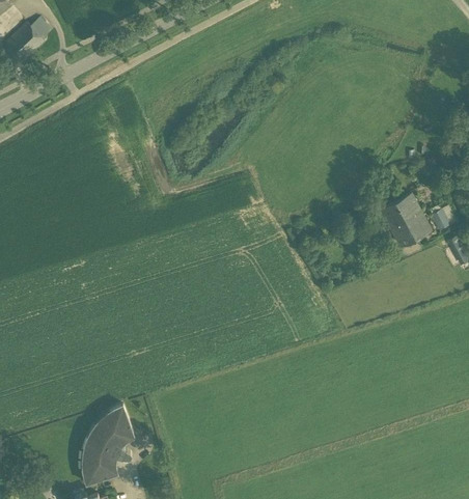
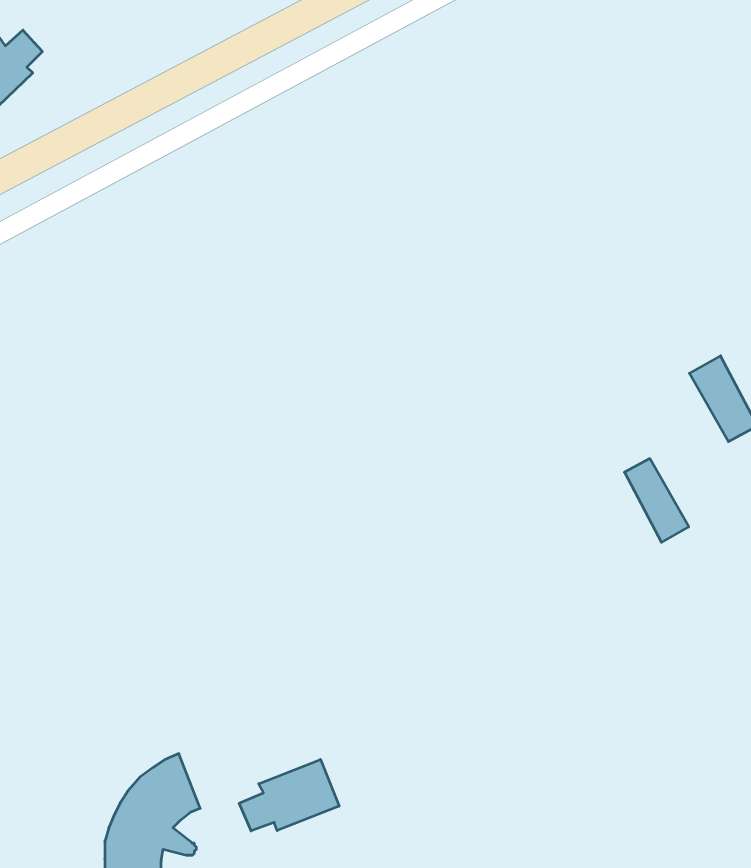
building: [381,202,415,247] -> [624,459,689,542]
building: none -> [239,759,339,831]

